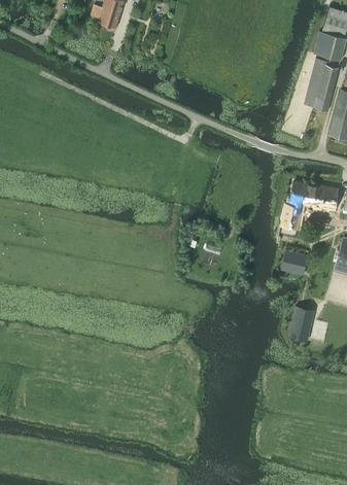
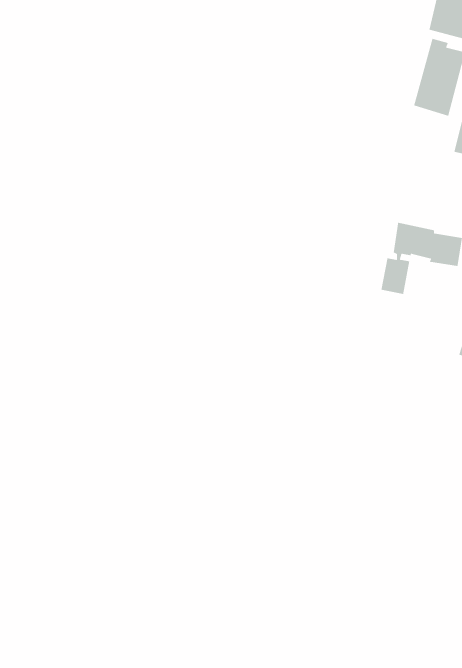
building: [280,249,307,274] -> none
building: [288,305,314,340] -> none

